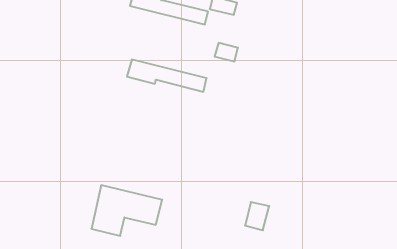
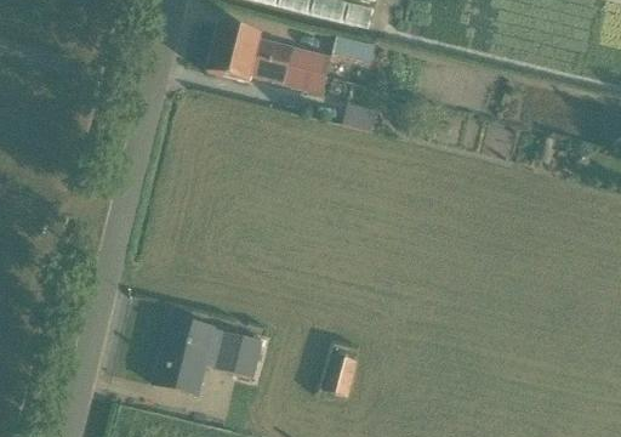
building: [127,60,207,92] -> [204,46,324,95]
building: [245,202,269,230] -> [323,353,359,396]

